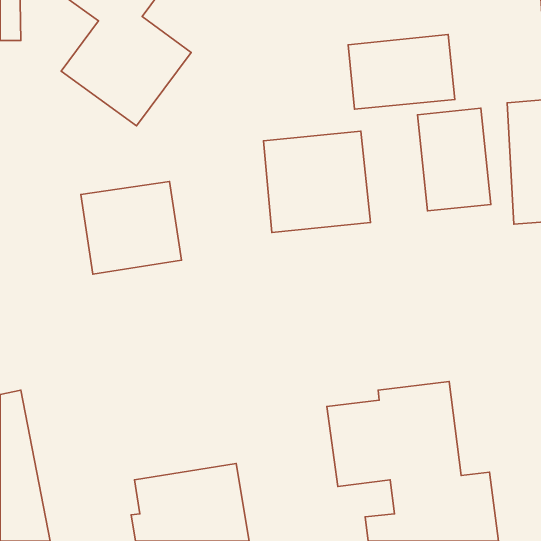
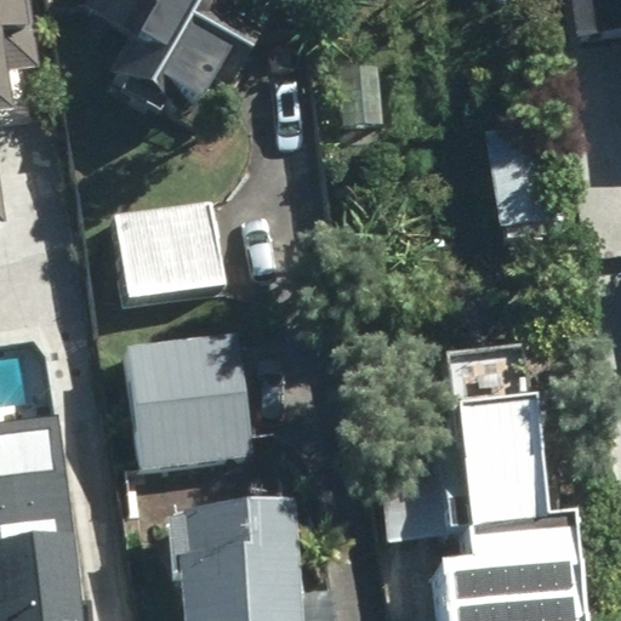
building: [348,35,455,109] -> none
building: [263,131,371,232] -> none
building: none -> [120,336,256,474]

